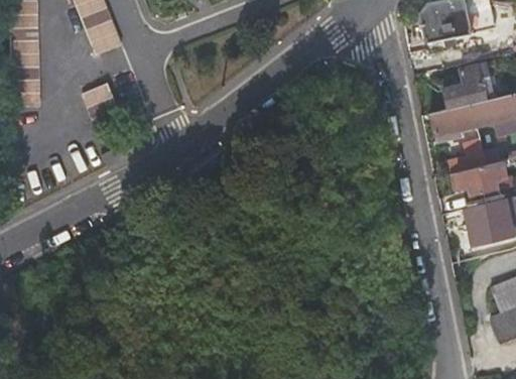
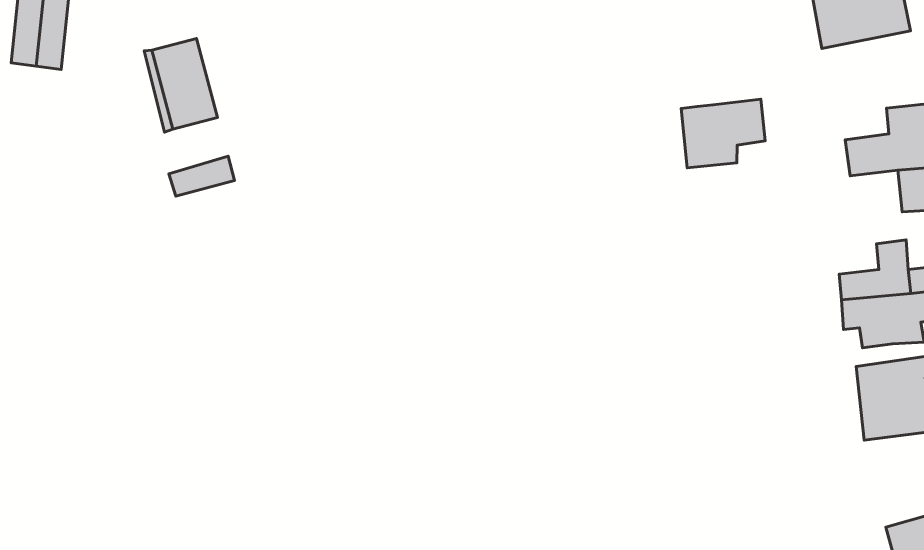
building: [435,102,481,142] -> [681,99,765,168]

